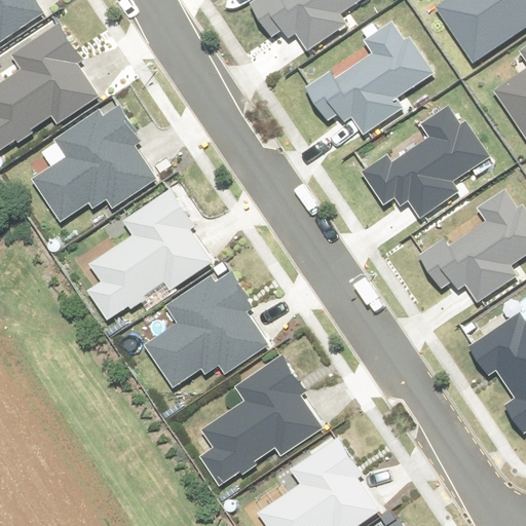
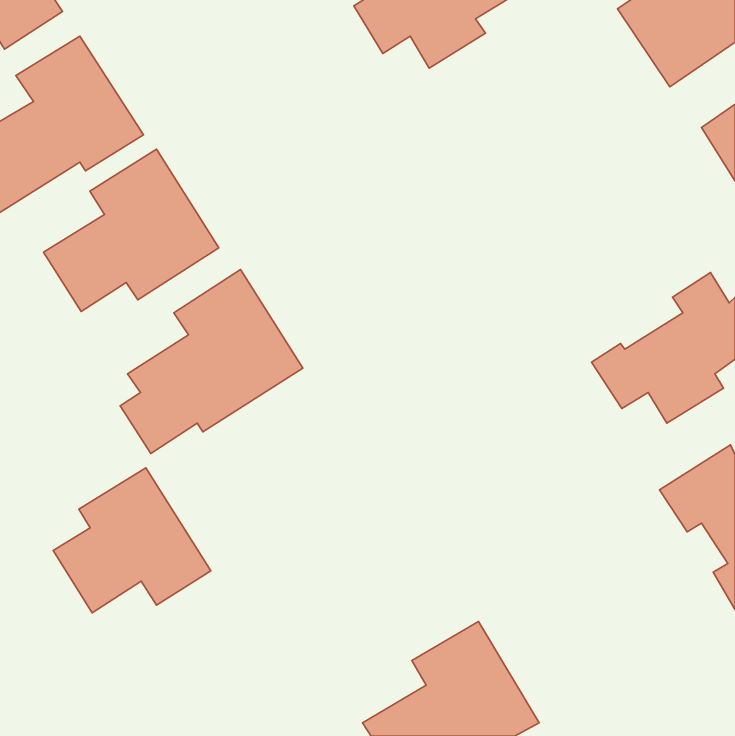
building: [305,27,430,134] -> none
building: [363,109,488,216] -> none
building: [146,273,269,388] -> none
building: none -> [53,468,211,613]
building: [200,360,320,482] -> none

